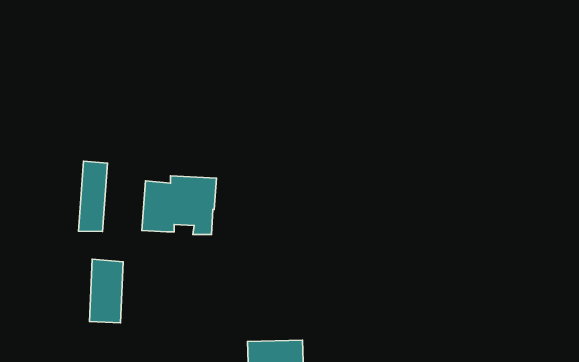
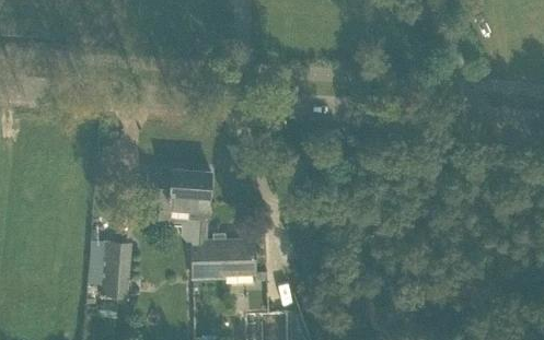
building: [78,161,107,231] -> none
building: none -> [193,239,255,280]

